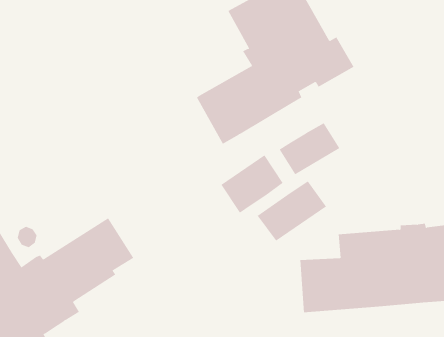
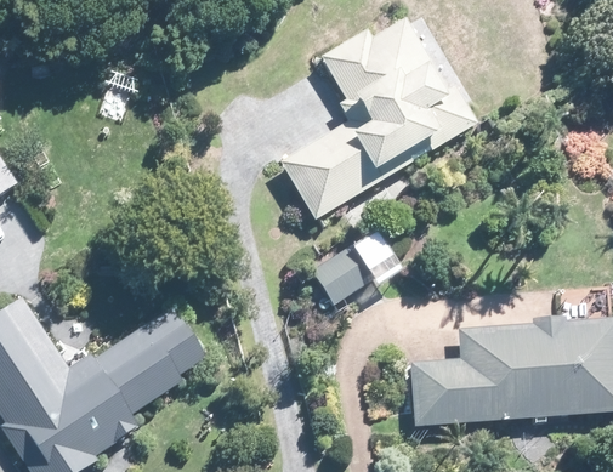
building: [279,122,340,175] -> none
building: [257,181,327,242] -> none

